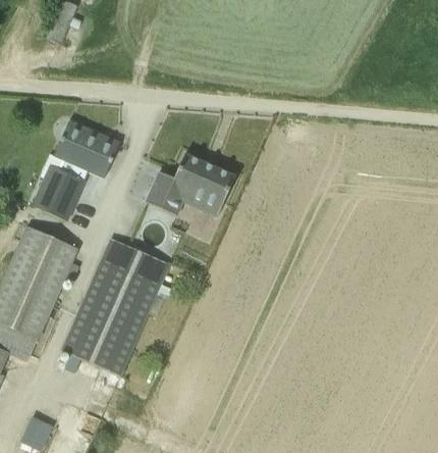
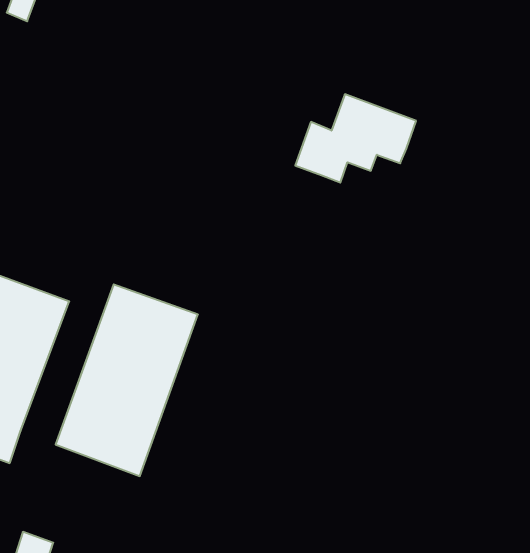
building: [40,120,119,221] -> none
building: [146,153,234,216] -> [295,94,416,183]

